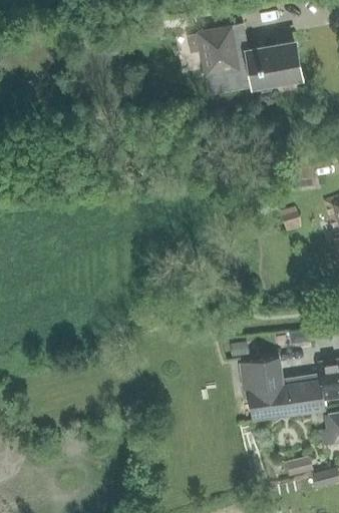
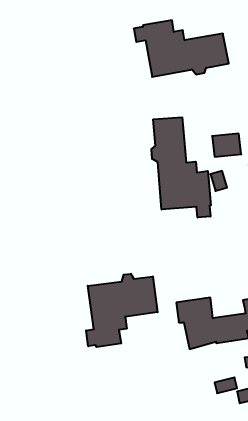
building: none -> [151,117,211,218]
building: none -> [86,274,158,347]

